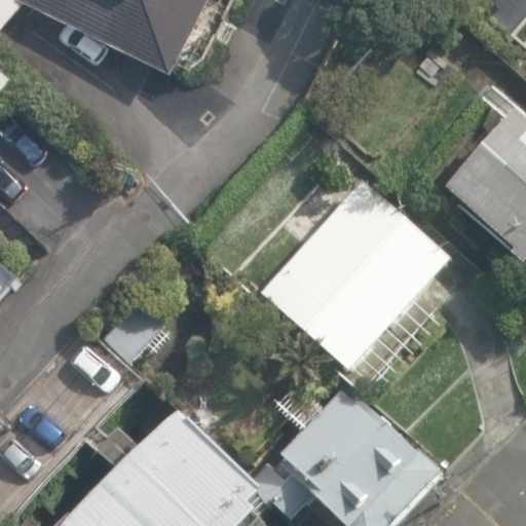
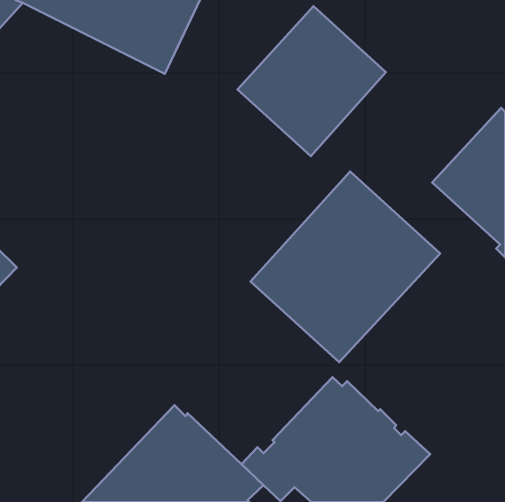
building: none -> [238,6,386,156]

